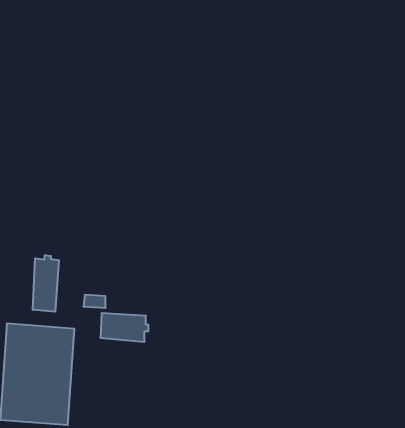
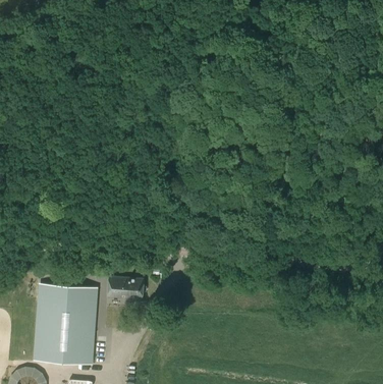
building: [33,255,59,312] -> none

